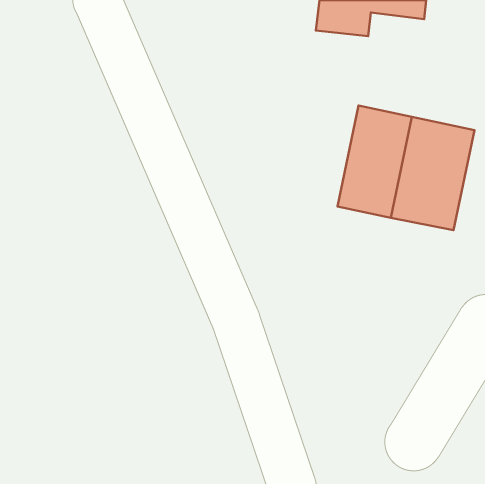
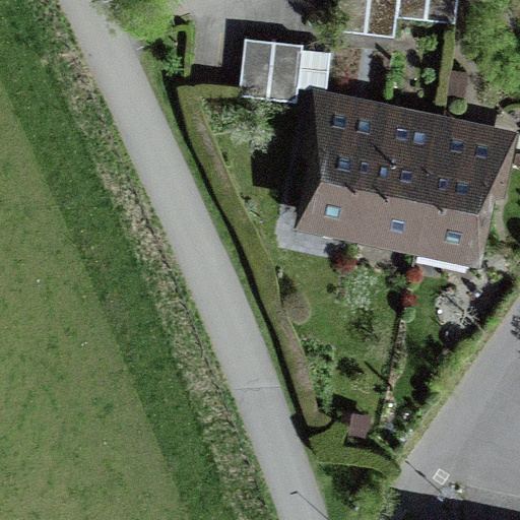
building: none -> [239,36,306,96]
building: none -> [299,103,384,222]

